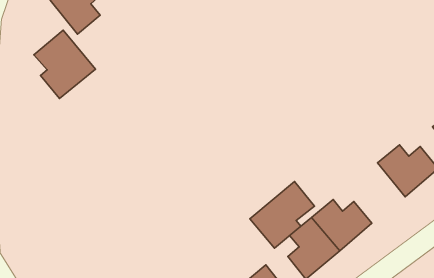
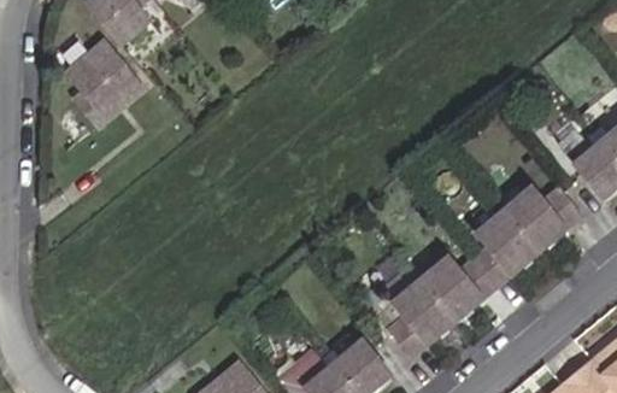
building: none -> [472,209,537,286]
building: [250,182,314,248] -> none

